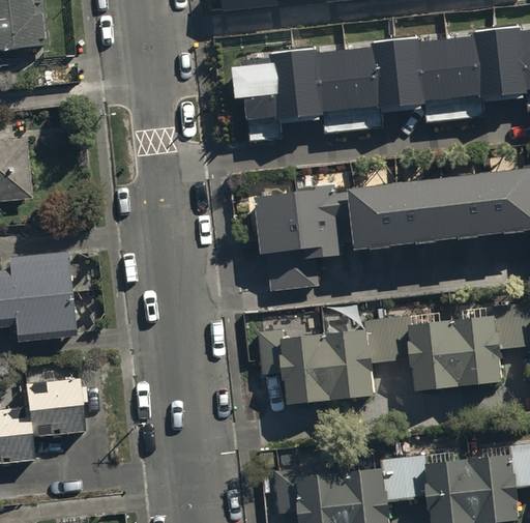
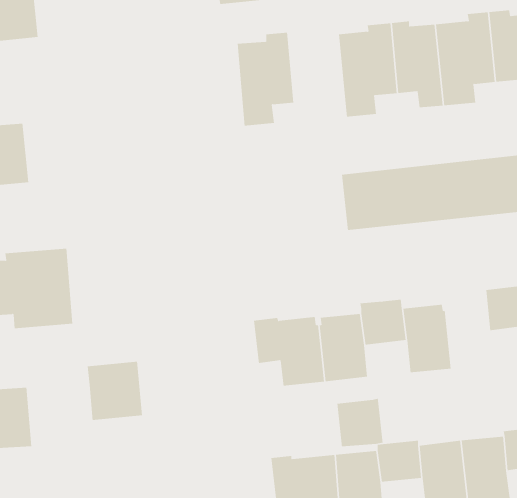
building: [293,42,352,133] -> none
building: [260,184,353,293] -> none
building: [452,316,501,385] -> none
building: [27,380,84,440] -> [87,361,143,420]
building: none -> [337,398,383,447]

